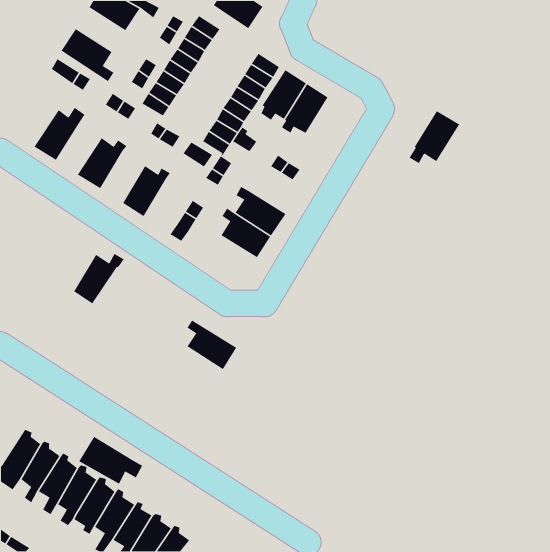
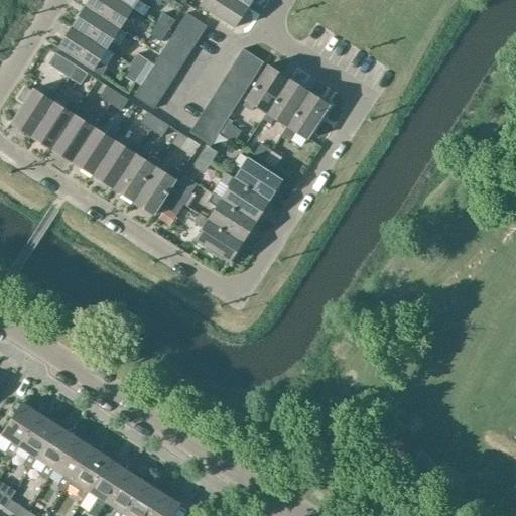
building: none -> [73,7,121,54]
building: none -> [11,87,61,137]
building: [408,110,460,164] -> [282,91,331,141]
building: none -> [54,115,101,163]
building: none -> [96,141,141,189]
building: none -> [234,154,282,200]
building: [73,253,125,305] -> [136,166,184,215]
building: [186,319,237,370] -> [195,215,242,262]
building: [78,436,143,485] -> none

